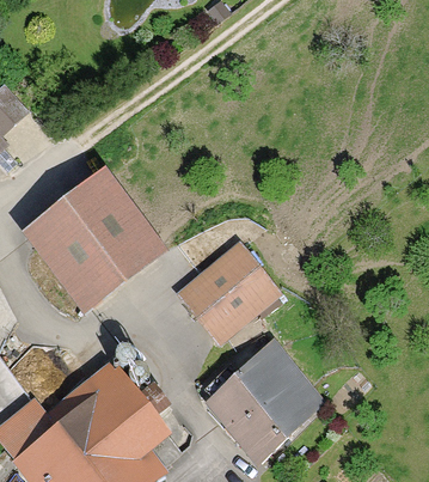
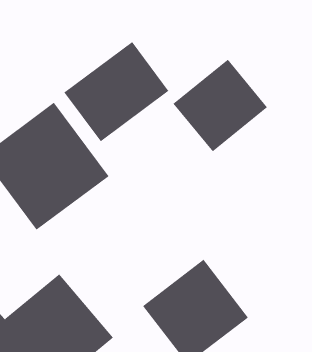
building: none -> [64,41,169,142]
building: [177,242,286,348] -> [173,59,268,152]

